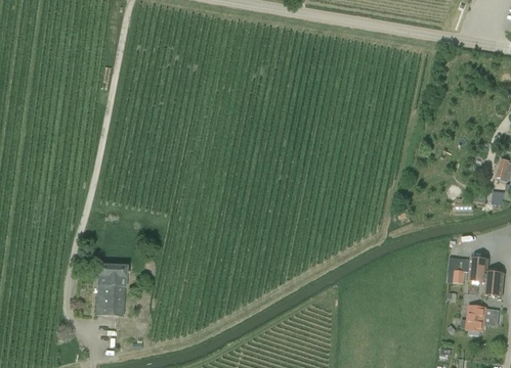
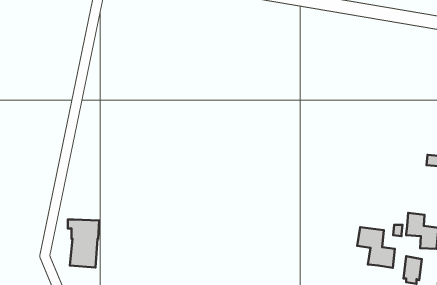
building: none -> [357,227,395,268]

